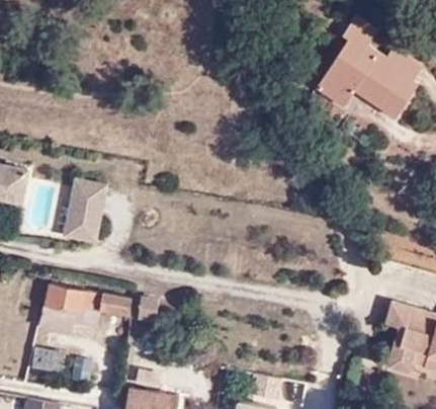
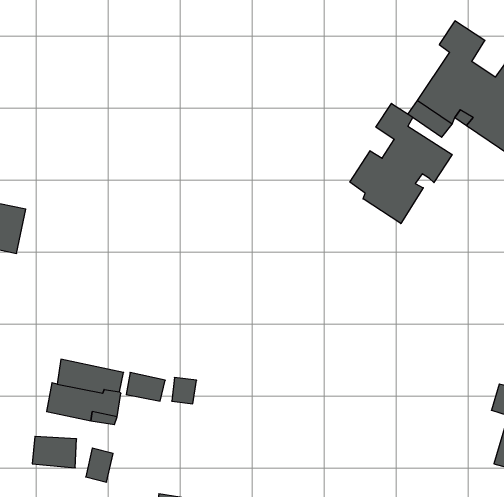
building: none -> [350,103,452,224]
building: [64,179,106,241] -> none

